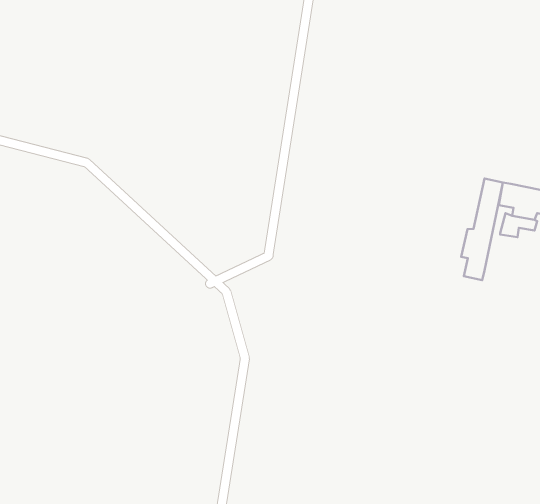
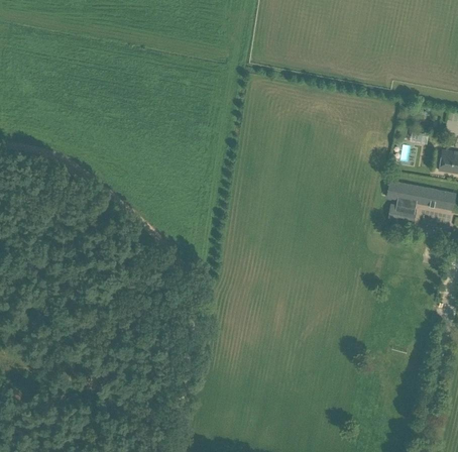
building: [461,178,503,280] -> none

